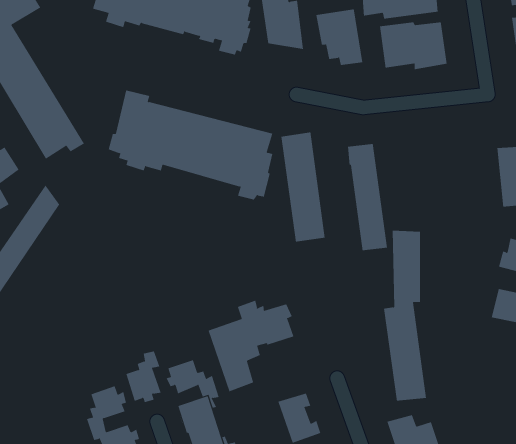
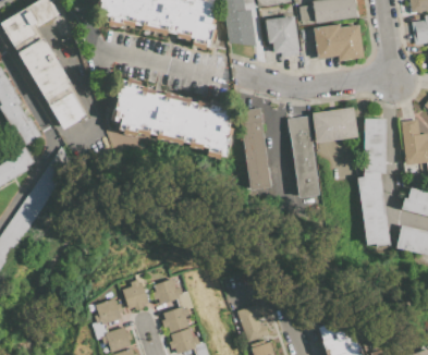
building: none -> [313,108,358,143]
building: [383,230,427,401] -> [357,119,390,247]
building: [208,300,294,392] -> none

